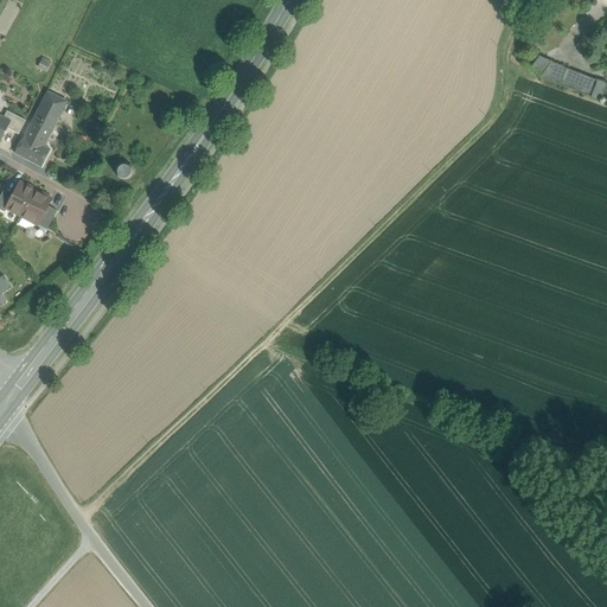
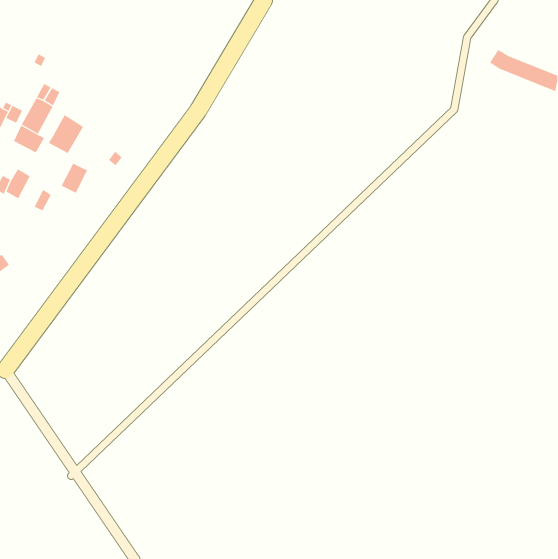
building: none -> [48,114,84,154]
building: [20,191,50,224] -> [61,163,88,194]

